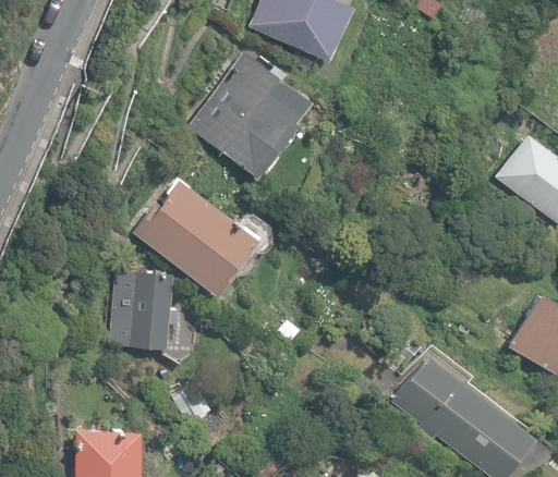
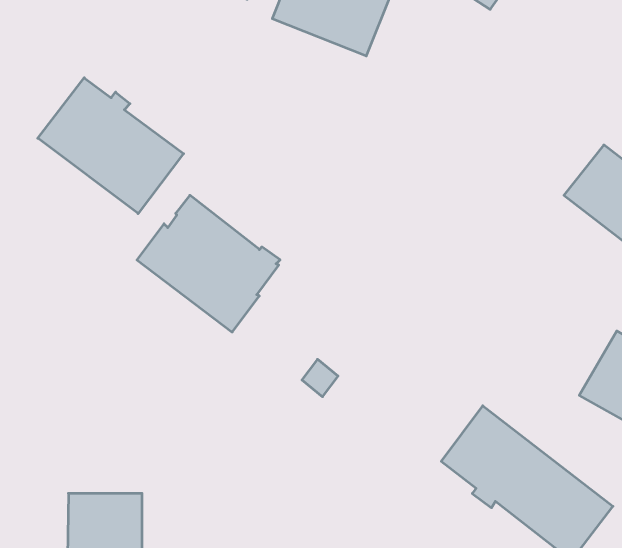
building: [190,53,310,179] -> none
building: none -> [38,78,184,214]
building: [111,270,181,351] -> none

